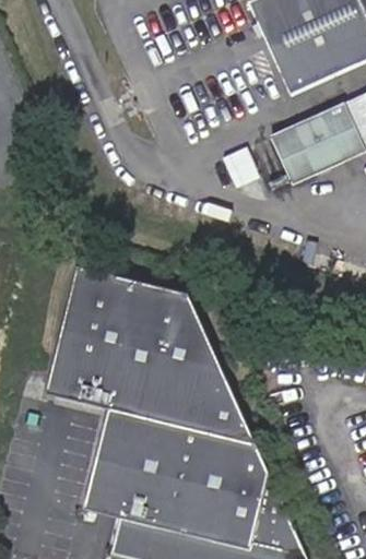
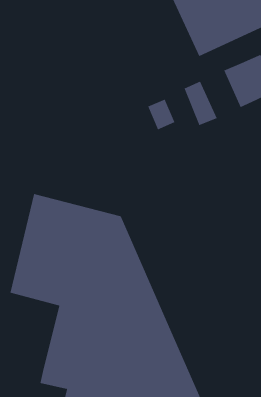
building: [287,111,338,173] -> none

